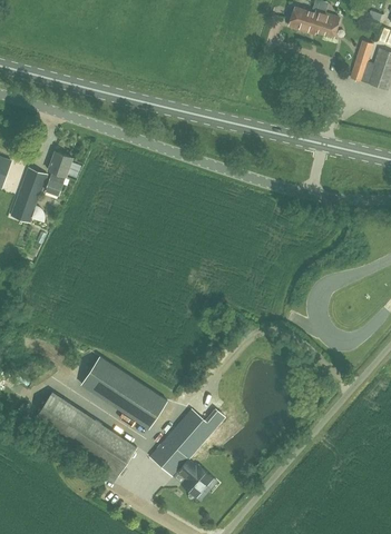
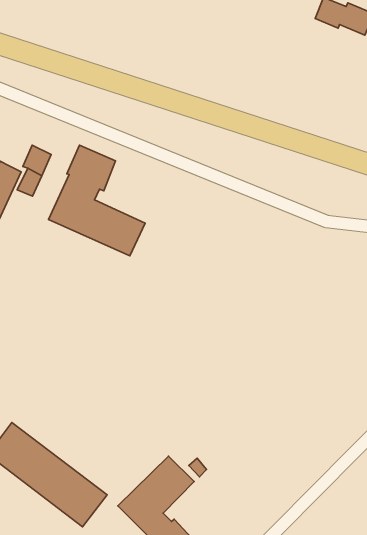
building: none -> [48,145,145,256]
building: [84,354,172,426] -> none

